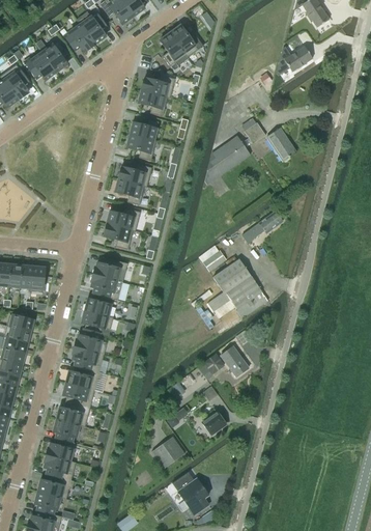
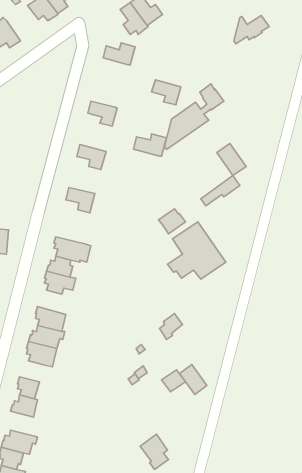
building: [42,39,67,72] -> none
building: [138,89,168,115] -> [152,80,181,105]
building: [130,118,159,140] -> none
building: [266,128,296,161] -> [217,143,246,176]
building: [118,163,152,186] -> [133,134,167,156]
building: [107,207,141,230] -> none
building: [93,256,127,281] -> none
building: [75,329,107,354] -> none
building: [221,345,249,376] -> [180,364,207,395]
building: [56,401,90,425] -> none
building: [152,436,184,468] -> none
building: [45,453,76,479] -> none

